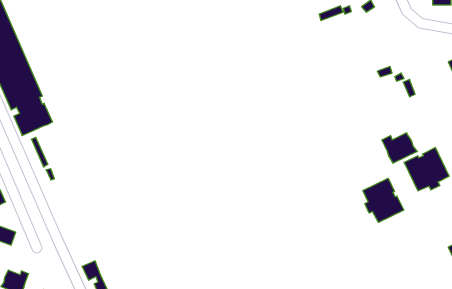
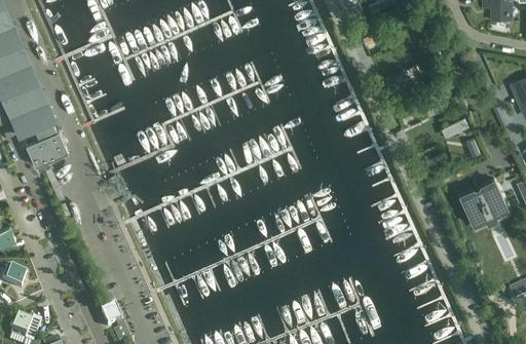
building: [382,133,417,163] -> none
building: [363,178,404,222] -> none

